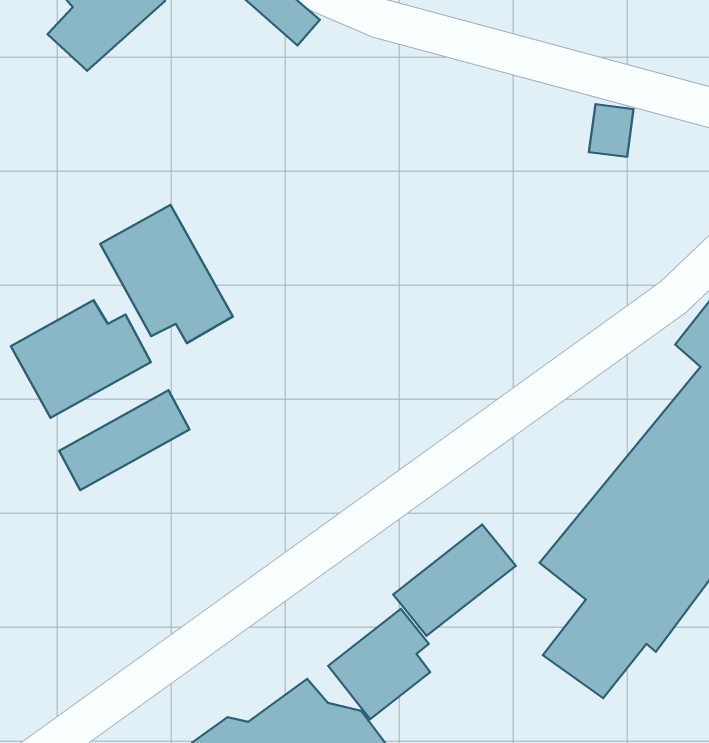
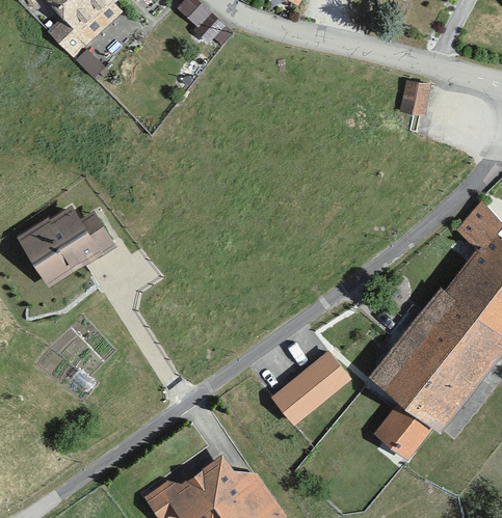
building: [100,205,233,343] -> none
building: [59,390,190,490] -> none
building: [328,609,430,719] -> none

